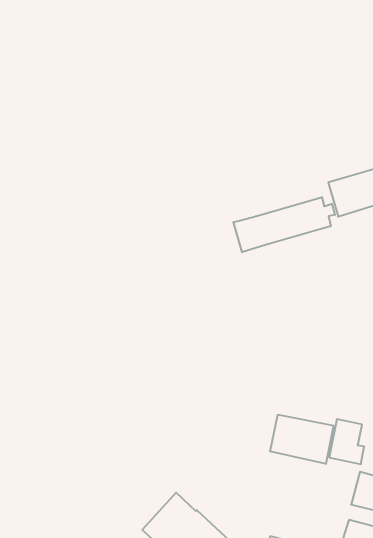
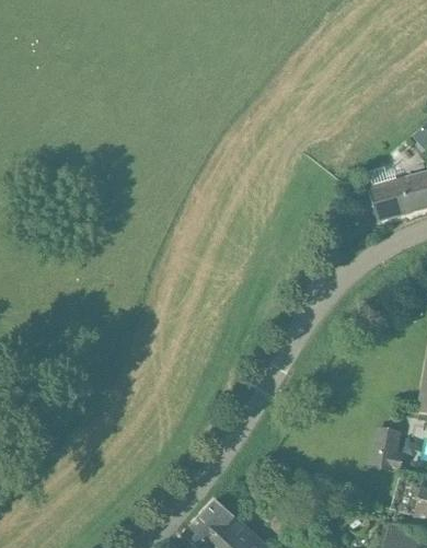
building: [233,197,335,252] -> none
building: [270,415,333,464] -> none

